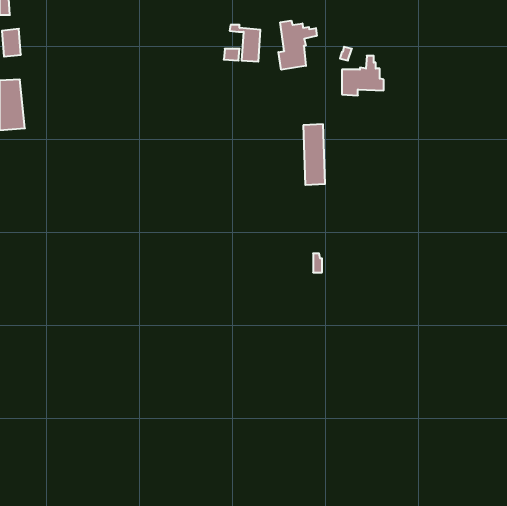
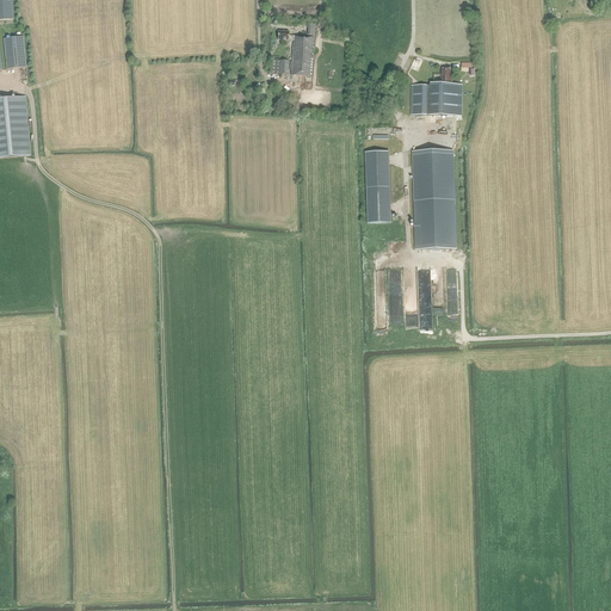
building: [278,21,317,70] -> none
building: none -> [411,149,456,248]

